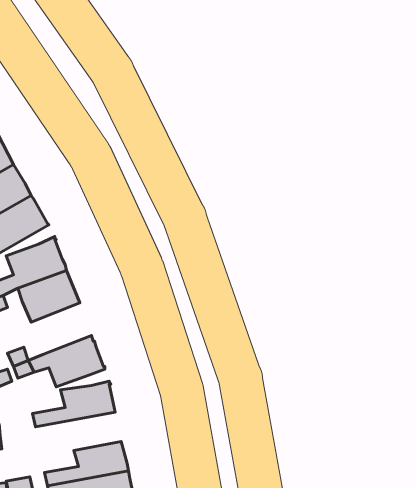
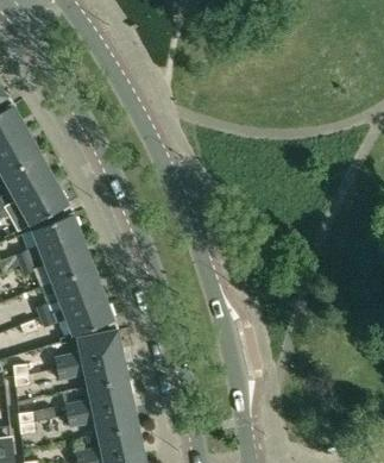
building: none -> [53,268,102,309]
building: none -> [57,356,126,387]

